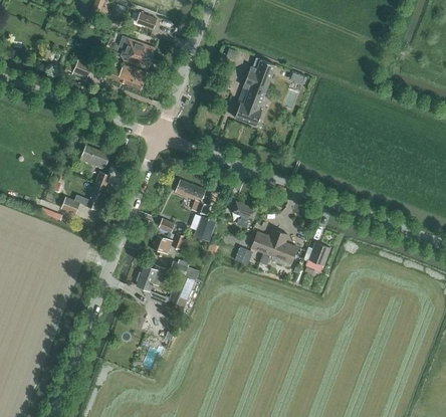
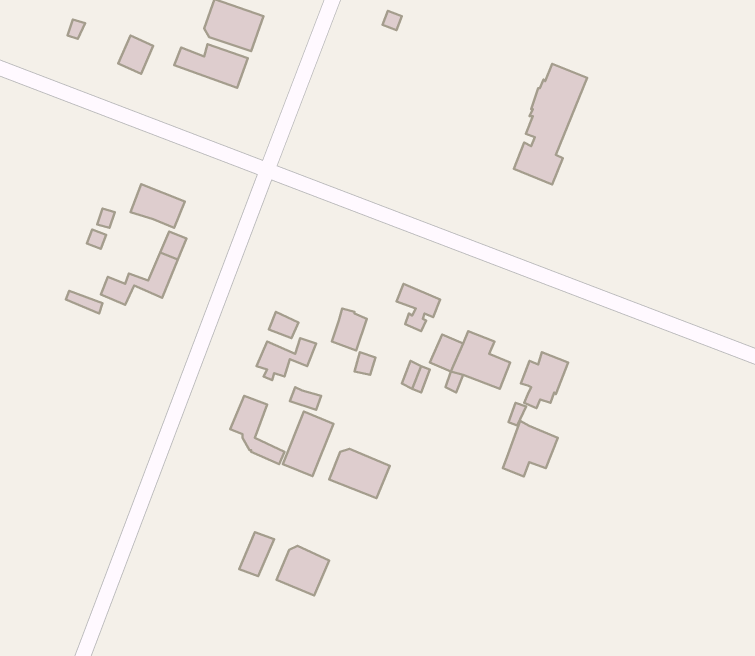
building: [234,56,276,126] -> [514,64,587,185]
building: [175,180,209,214] -> none
building: none -> [503,421,558,476]
building: none -> [329,449,390,498]
building: none -> [276,546,329,596]

